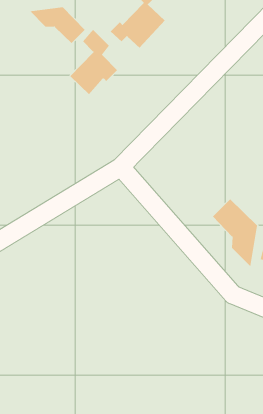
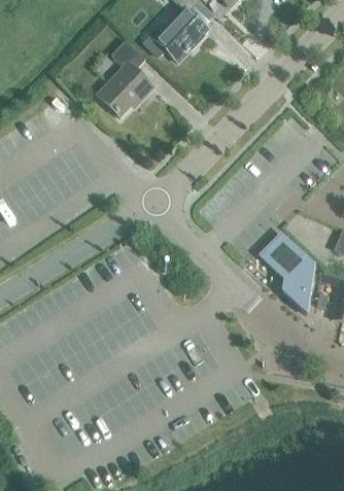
building: [29,6,86,44] -> none

